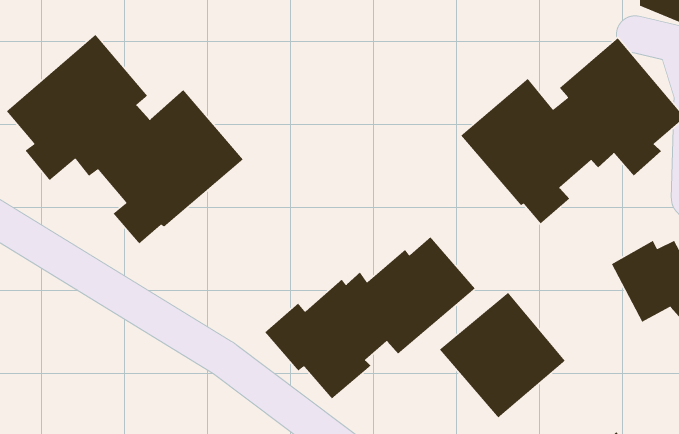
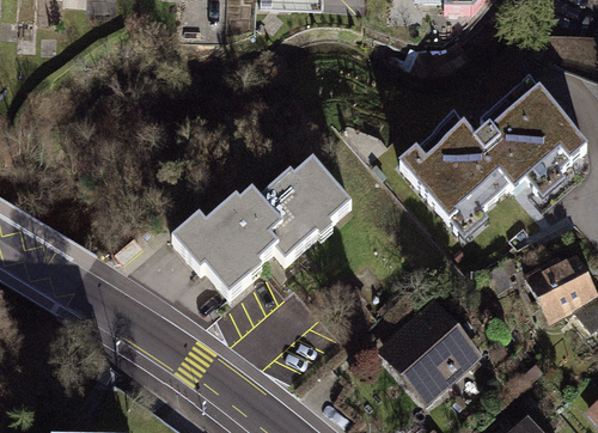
building: [6,34,244,245] -> none
building: [264,236,476,400] -> [175,155,354,294]

